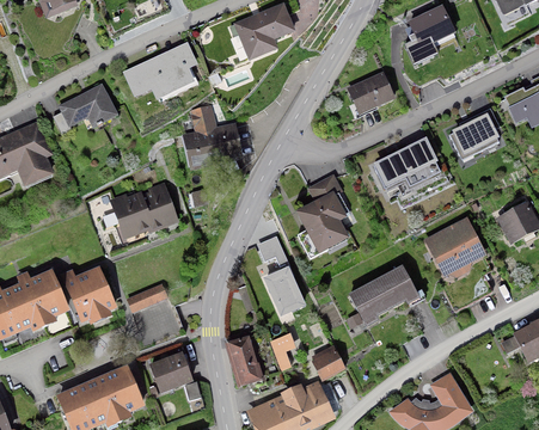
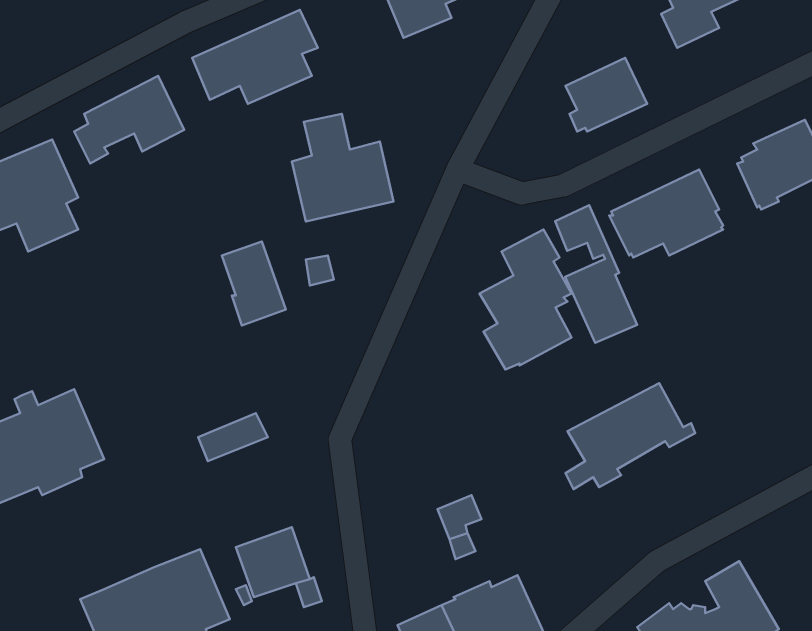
building: [109,189,153,239] -> none
building: [424,216,486,278] -> none
building: [257,234,306,317] -> [555,205,637,343]
building: [61,265,118,325] -> none
building: [225,331,267,388] -> none
building: [312,345,347,381] -> none

